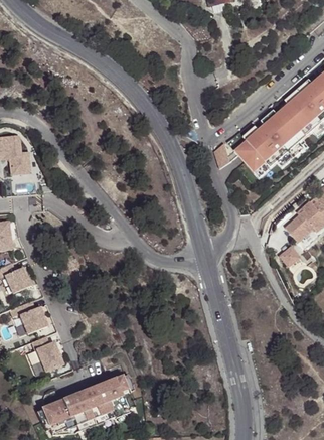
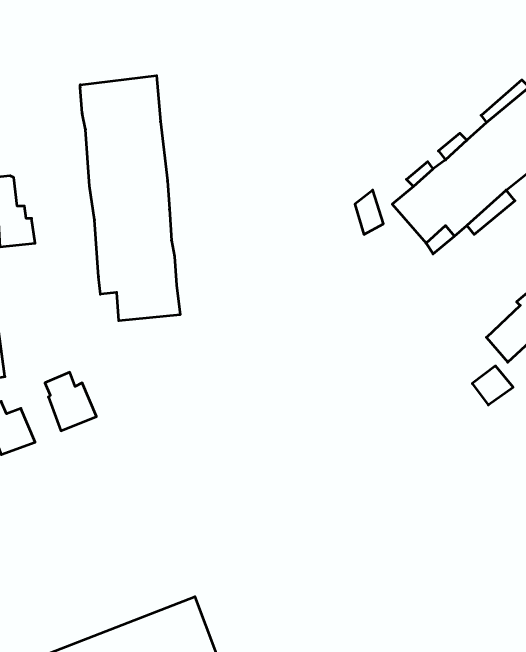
building: none -> [80,76,180,321]
building: [18,299,47,332] -> [45,372,96,431]
building: [36,340,63,371] -> none

